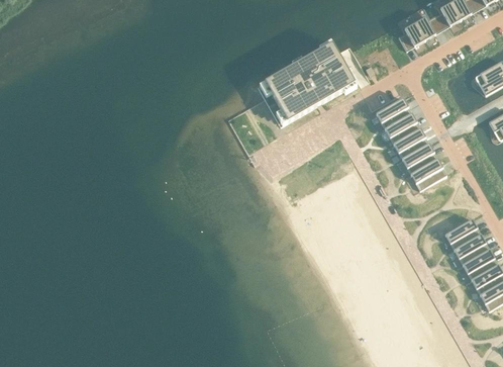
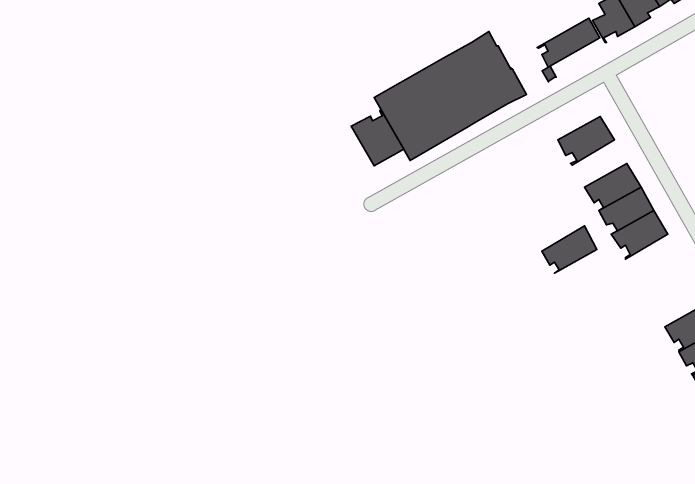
building: none -> [537,18,600,67]
building: none -> [351,109,404,166]
building: [384,112,419,143] -> [542,226,597,273]

